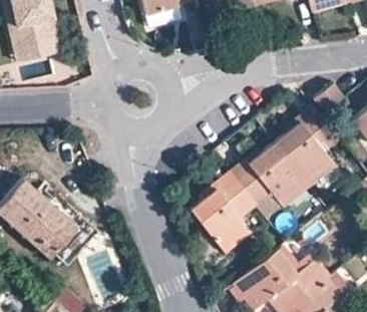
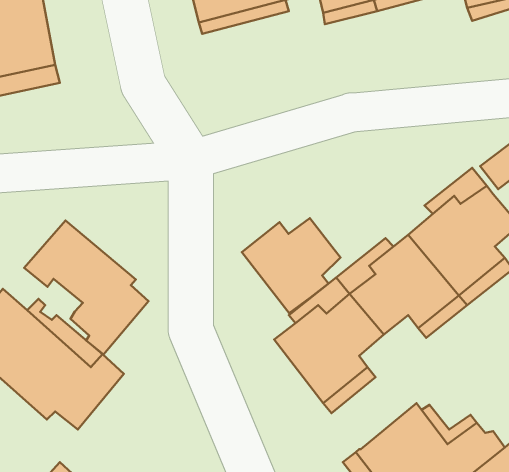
building: none -> [242,218,341,313]
building: none -> [24,221,149,354]

